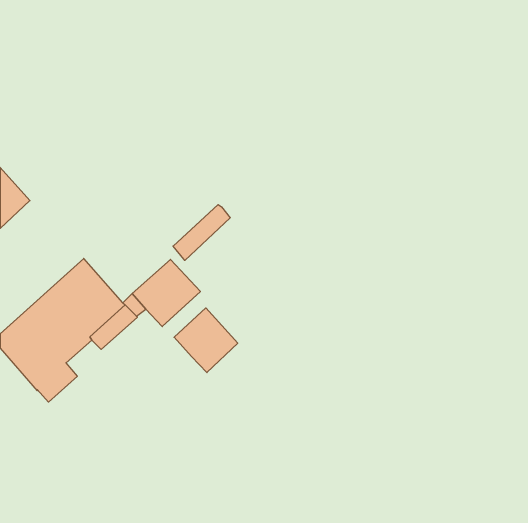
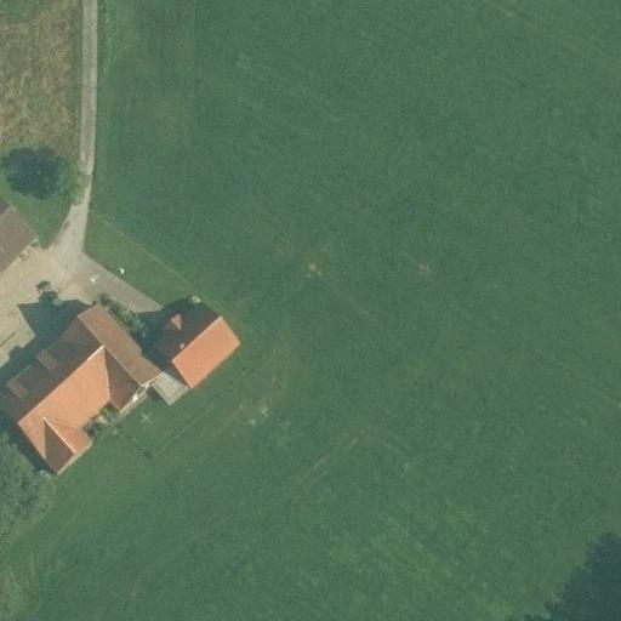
building: [173,205,230,260] -> none
building: [174,308,238,373] -> none

